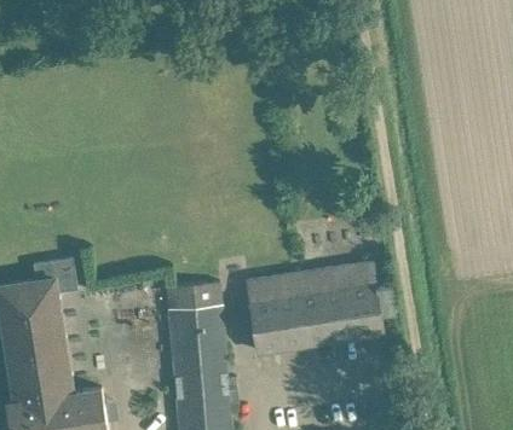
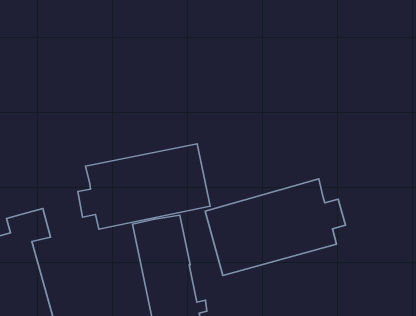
building: none -> [78,144,210,229]

